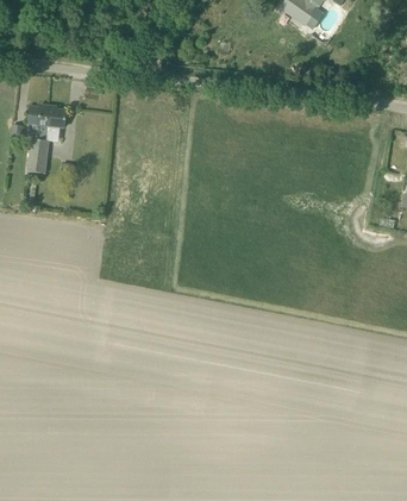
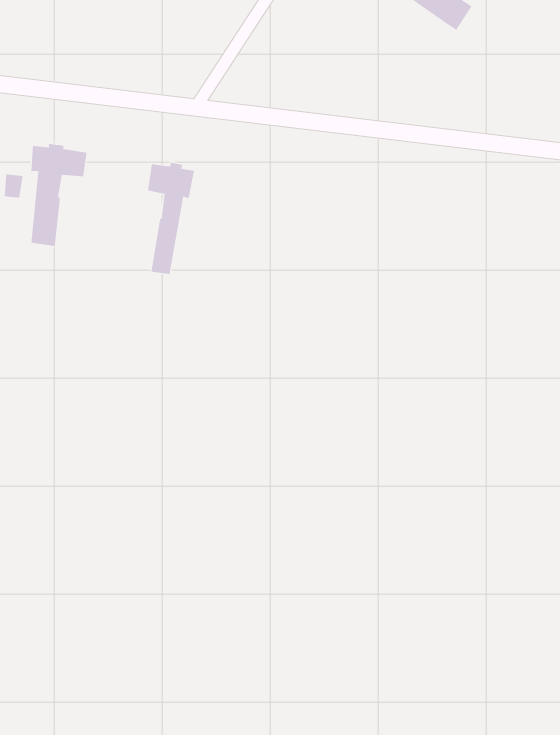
building: none -> [147,162,195,275]

